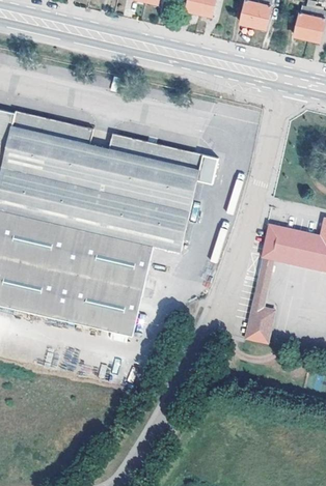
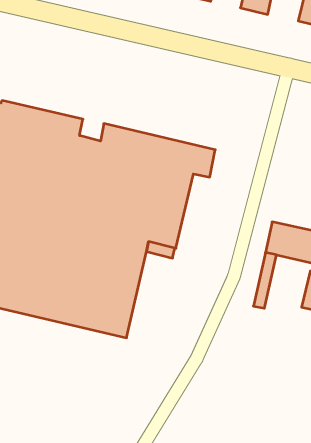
building: [245,306,274,343] -> none

